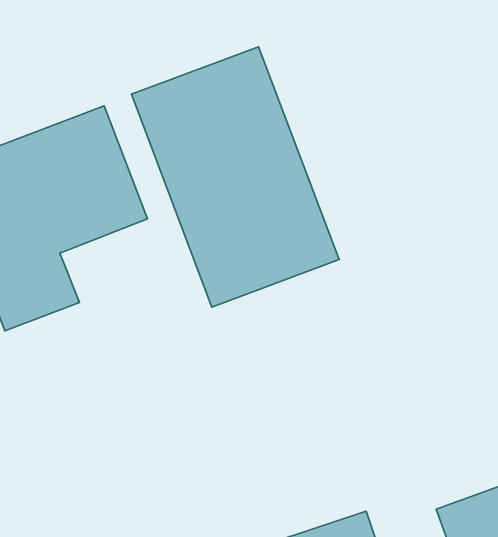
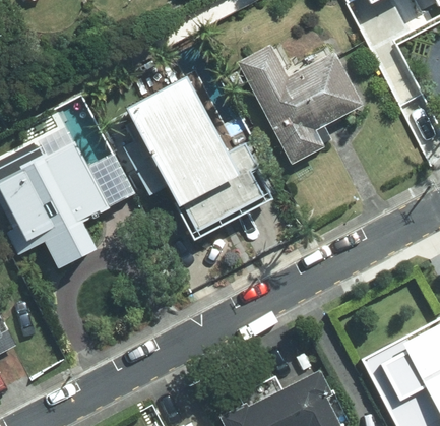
building: none -> [233,38,362,169]

